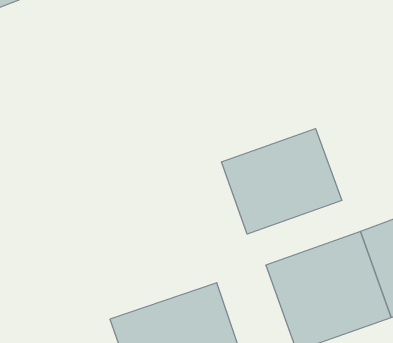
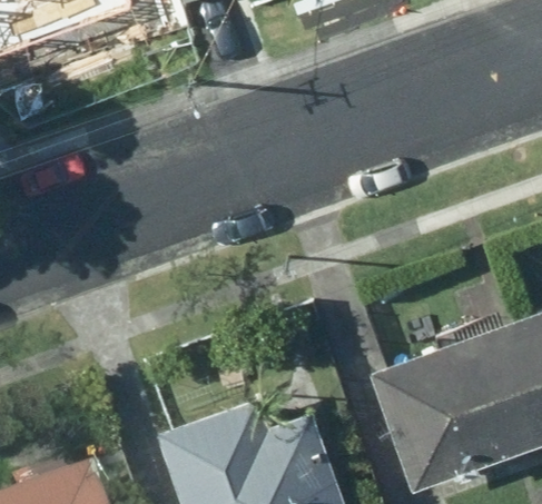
building: [222,129,342,234] -> none

